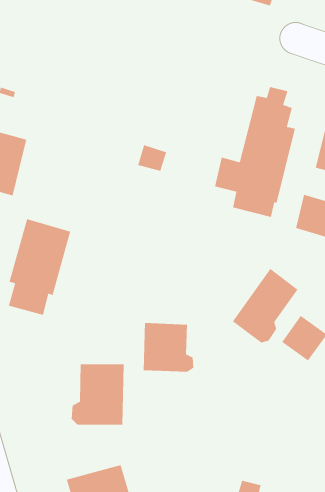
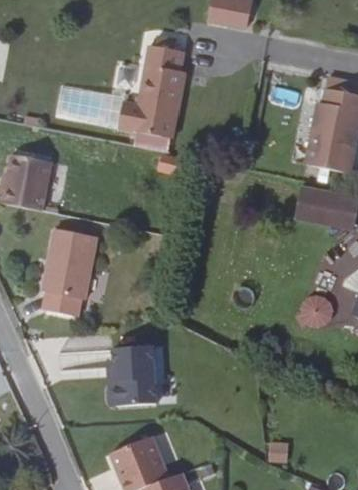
building: [214,86,296,218] -> [119,35,187,150]
building: [232,268,299,344] -> none
building: [143,322,194,373] -> none

